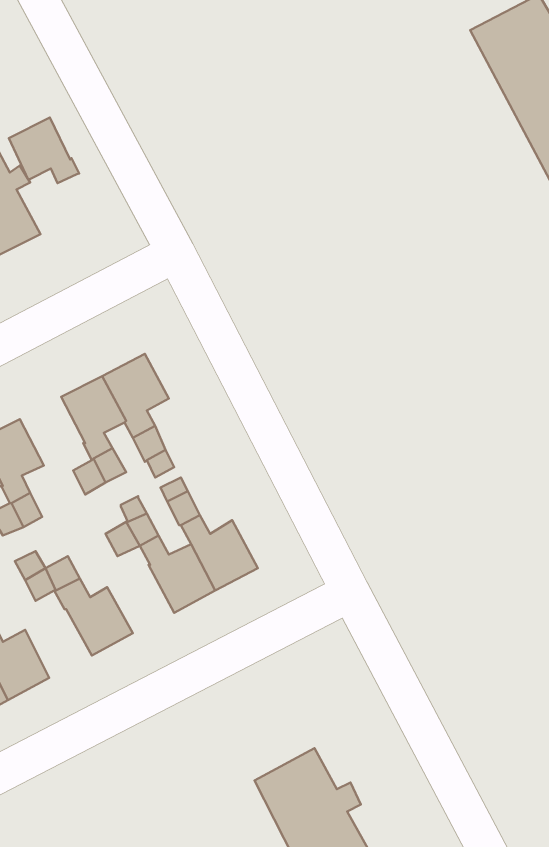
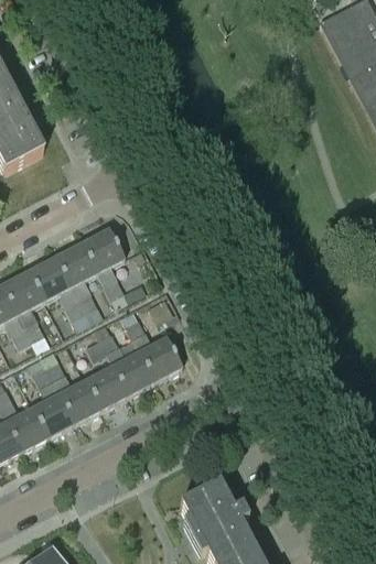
building: [9,117,79,183] -> none
building: none -> [30,256,72,300]
building: none -> [86,364,129,408]
building: none -> [33,392,76,436]

